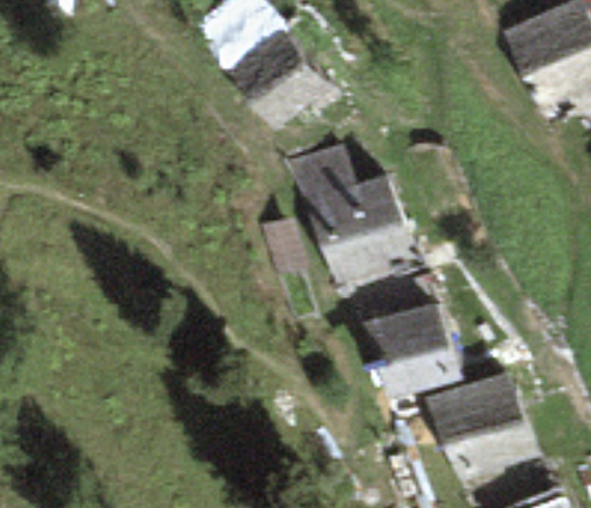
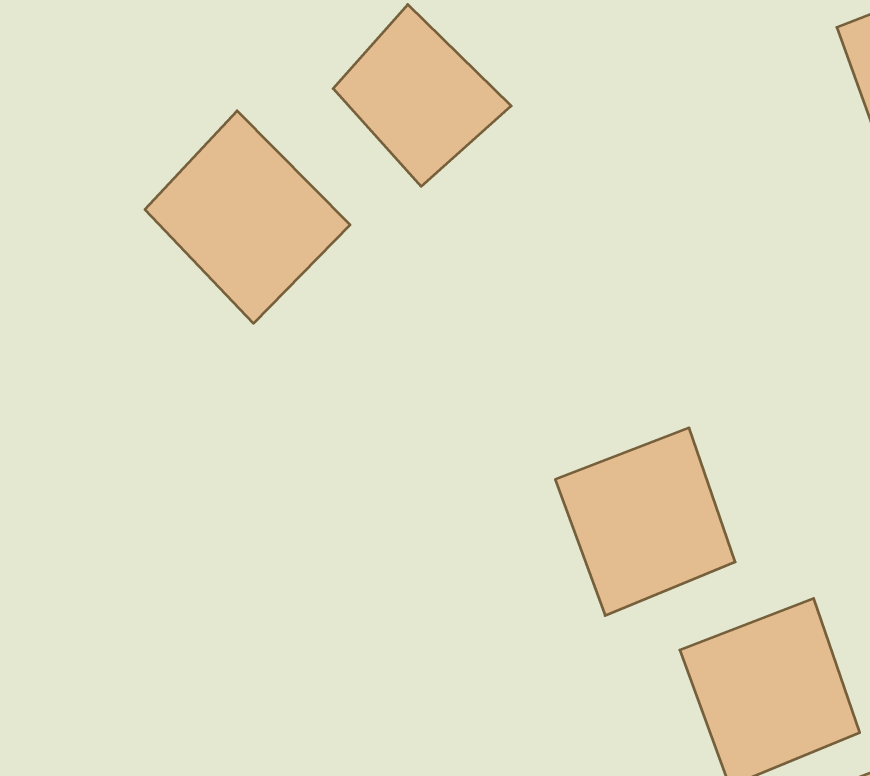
building: none -> [145,111,350,323]
building: [300,158,410,275] -> none

